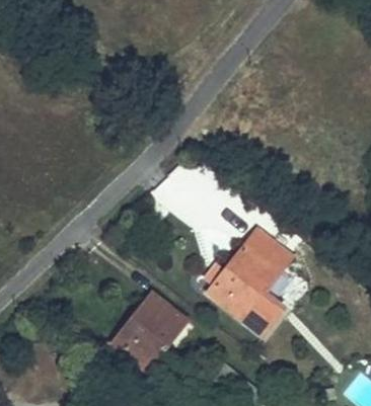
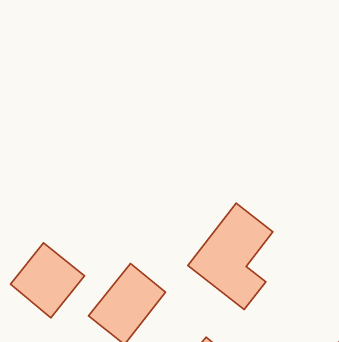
building: none -> [11,243,85,318]

